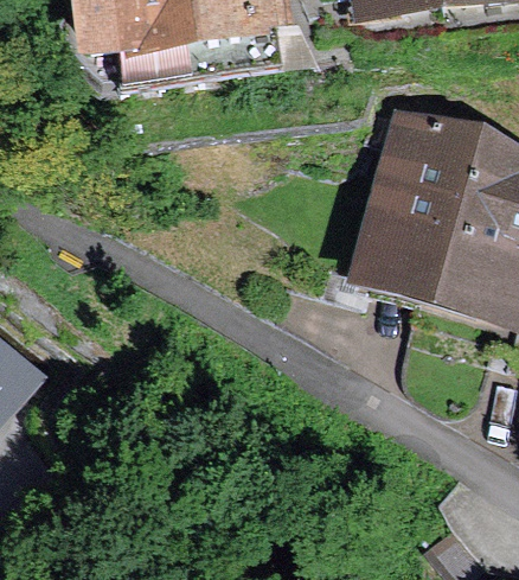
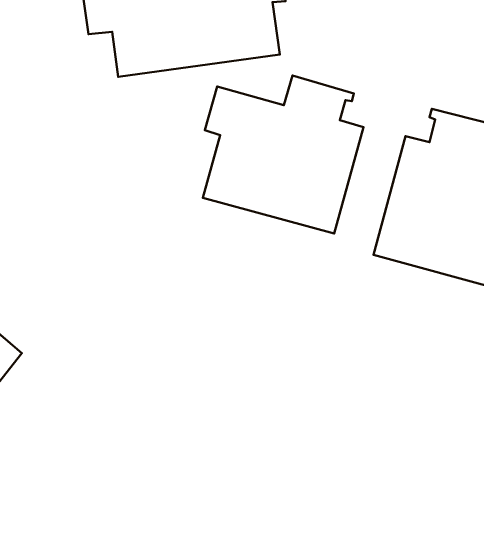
building: none -> [203,76,363,234]

